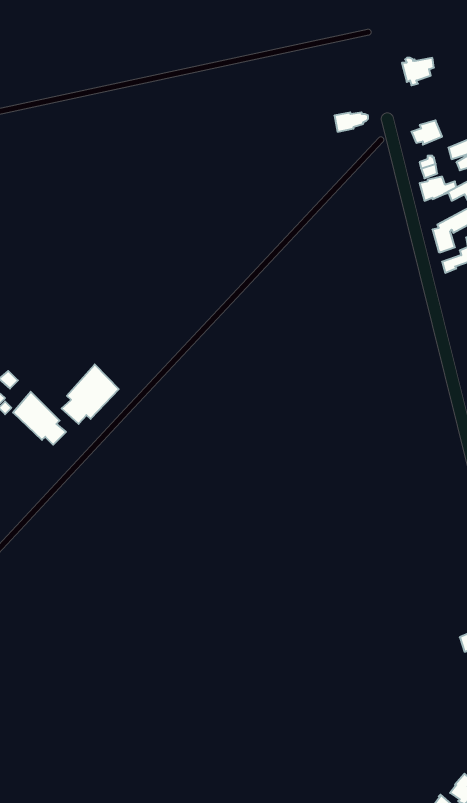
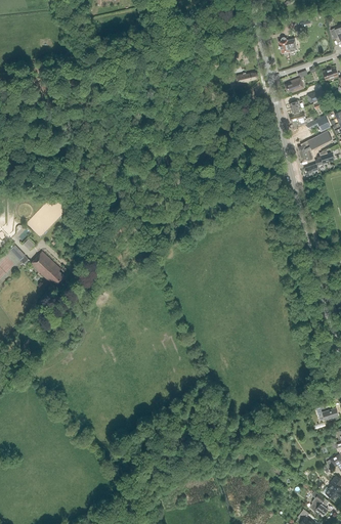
building: [62,364,119,424] -> none

